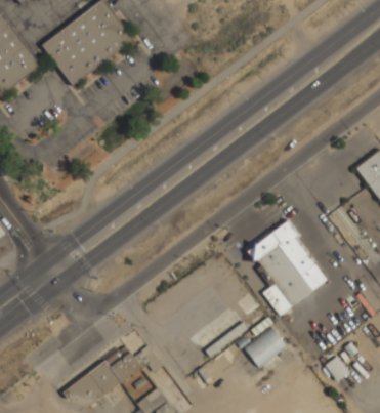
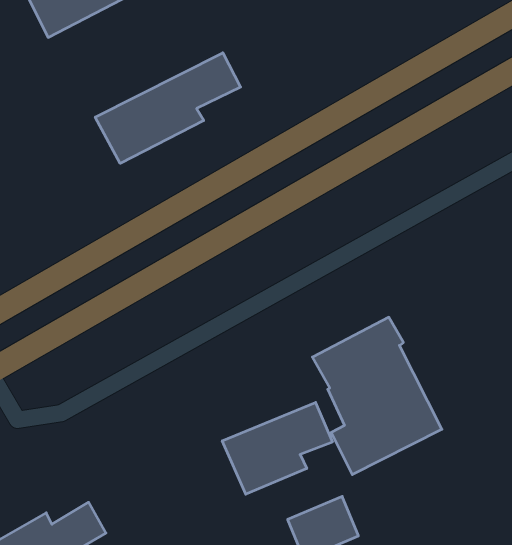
building: none -> [95,53,241,163]
building: none -> [222,402,332,494]

